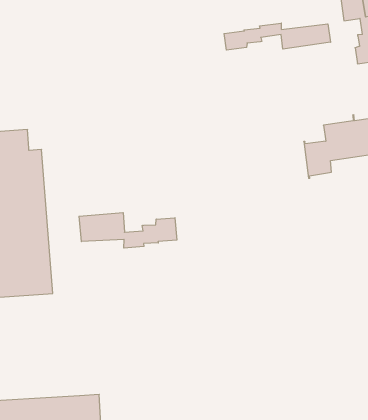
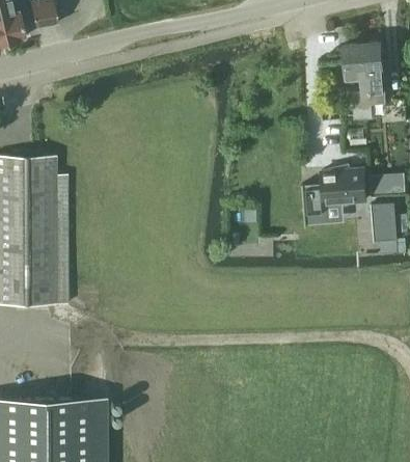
building: [224,23,331,50] -> none
building: [79,213,177,248] -> none

